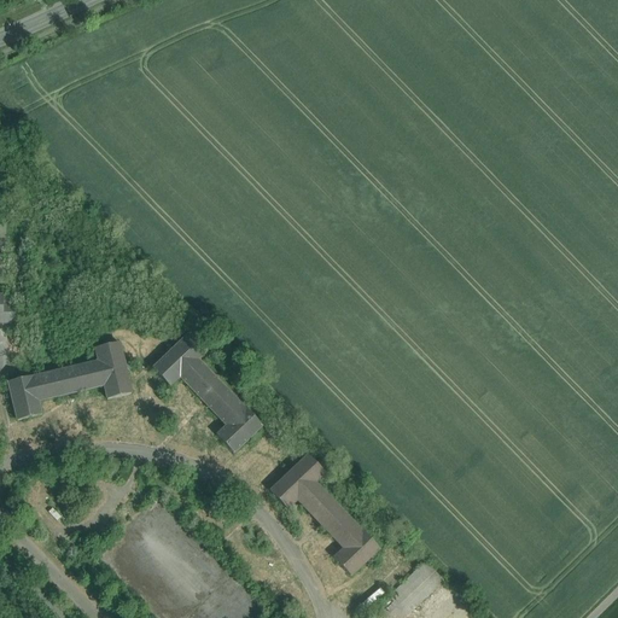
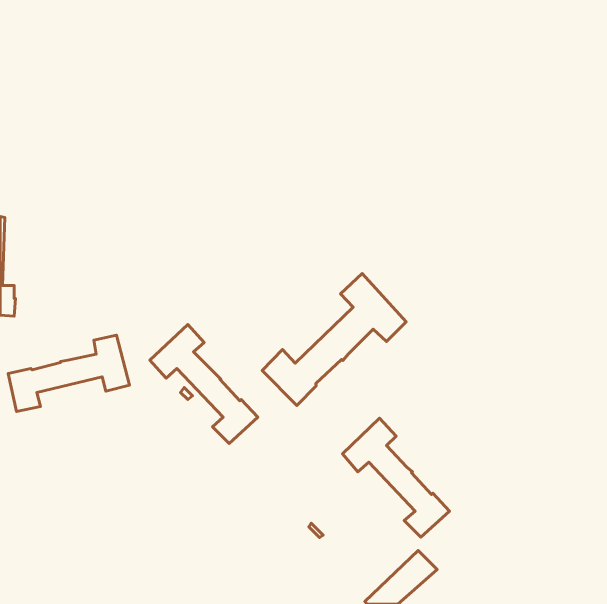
building: none -> [262,274,406,405]
building: [270,453,379,573] -> [343,418,449,537]

